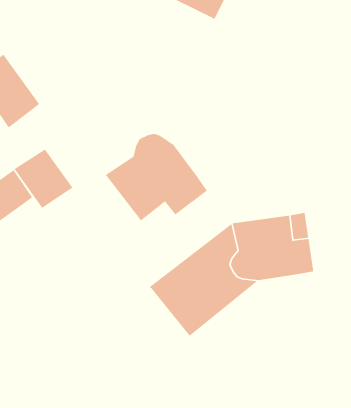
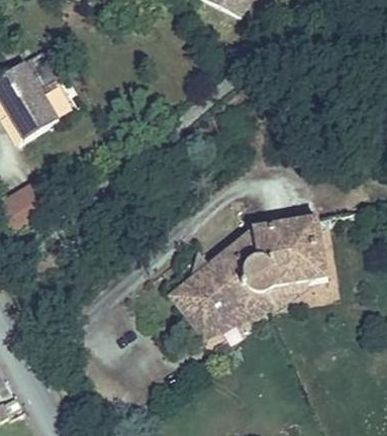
building: [105,133,208,222] -> none
building: [14,149,74,209] -> none

